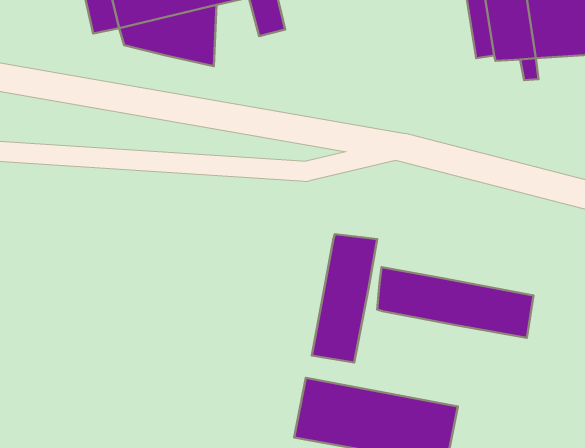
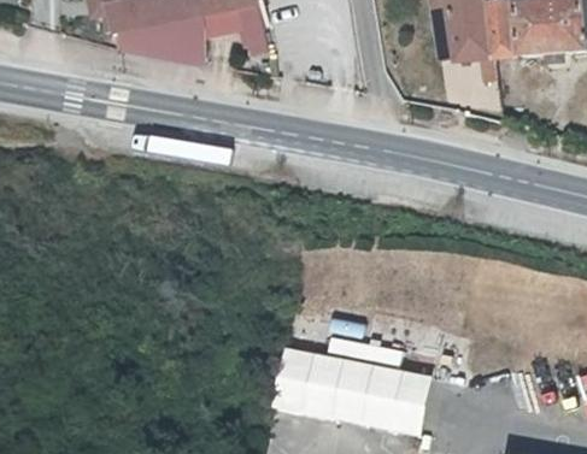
building: [312,234,377,363] -> none
building: [377,267,534,338] -> none

